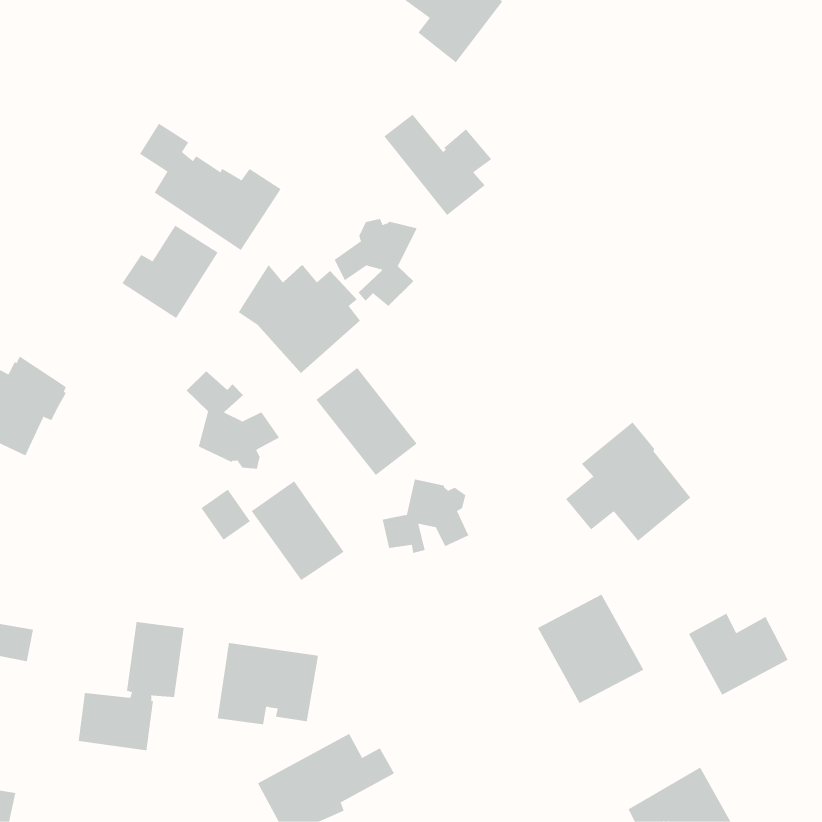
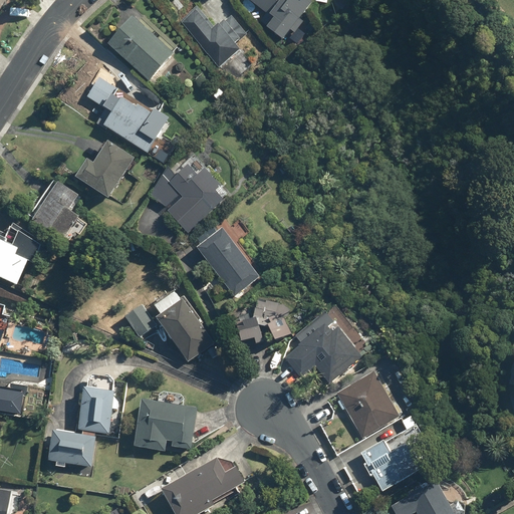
building: none -> [107,15,175,80]
building: [384,114,492,216] -> [179,5,246,68]
building: [334,218,418,307] -> none
building: none -> [32,181,79,240]
building: [186,371,280,469] -> none
building: [565,422,691,541] -> [283,308,361,382]
building: [688,613,788,695] -> [360,438,423,489]

